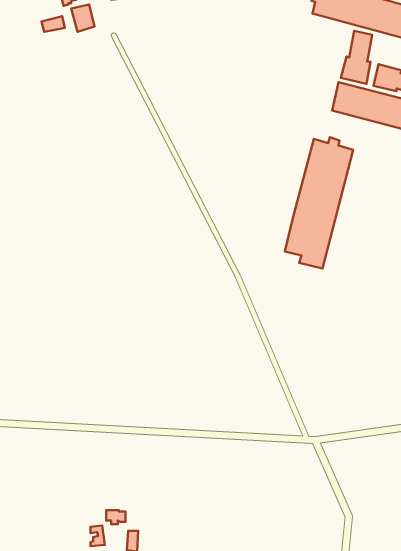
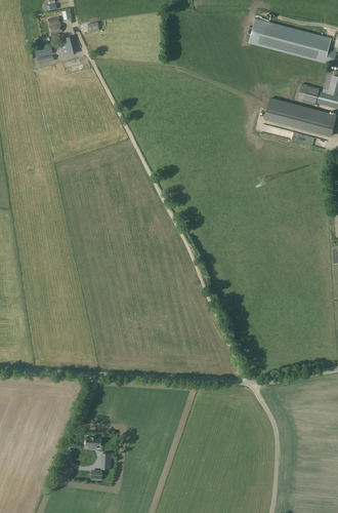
building: [341,31,372,84] -> none
building: [285,137,353,268] -> none

